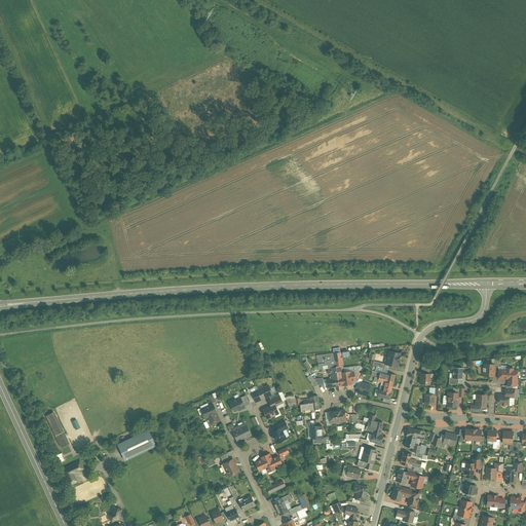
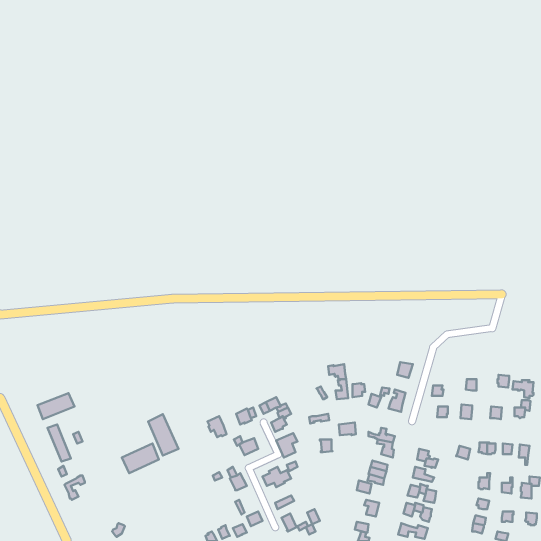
building: none -> [38,393,74,419]
building: none -> [148,414,179,456]

